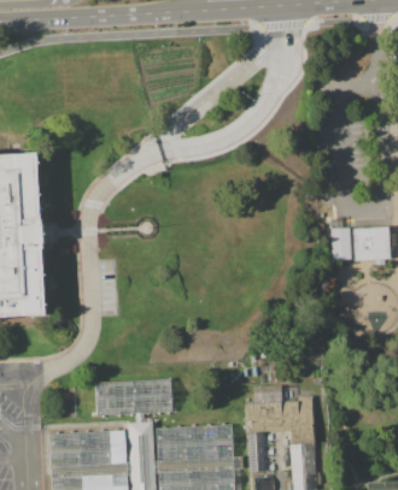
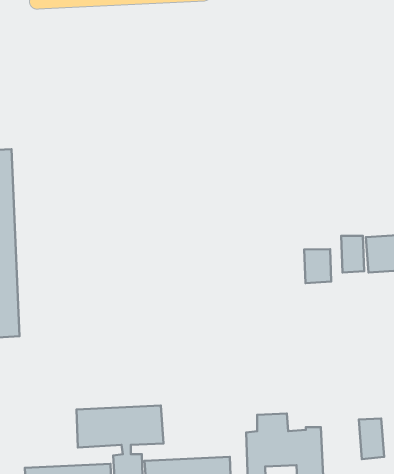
building: none -> [304,249,331,283]
building: none -> [359,418,384,459]

